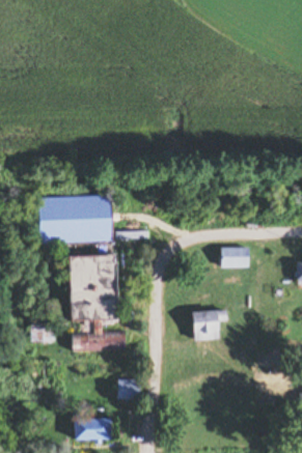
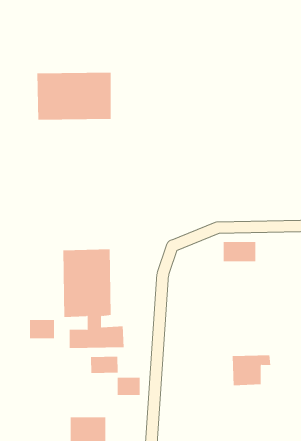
building: [37,196,110,243] -> [37,72,111,120]
building: [192,310,230,340] -> [232,355,271,386]
building: none -> [91,356,118,374]

